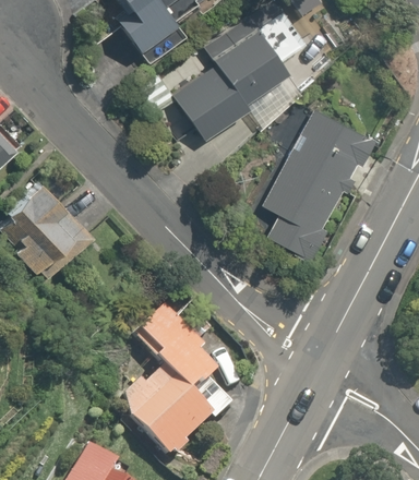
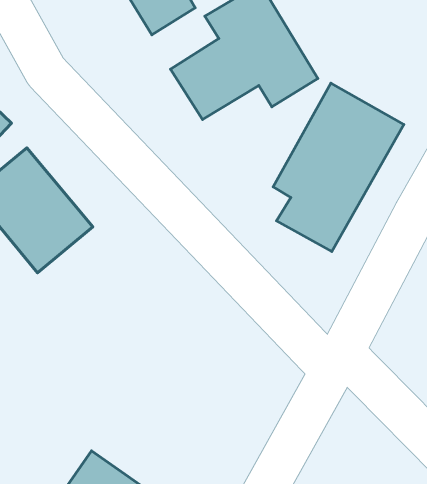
building: [129,303,244,467] -> none

